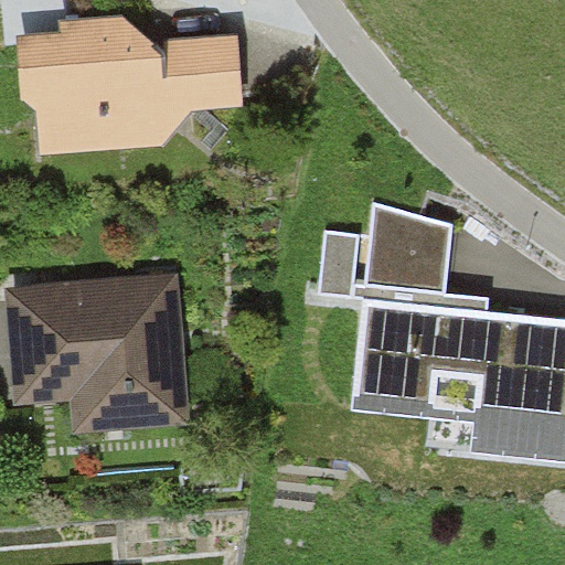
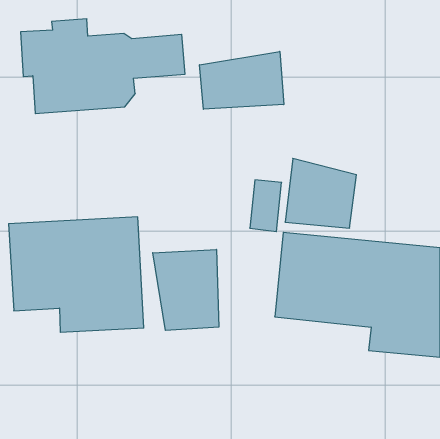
building: none -> [200,51,284,109]
building: none -> [153,249,219,330]

